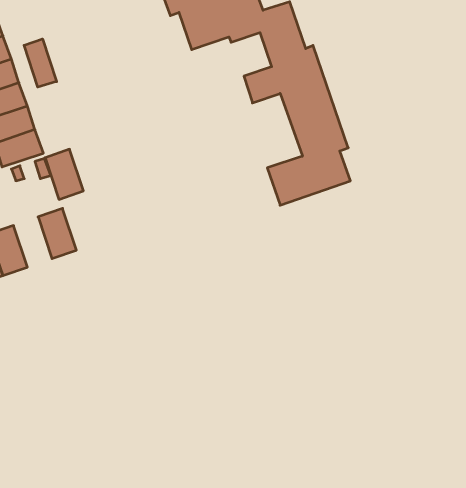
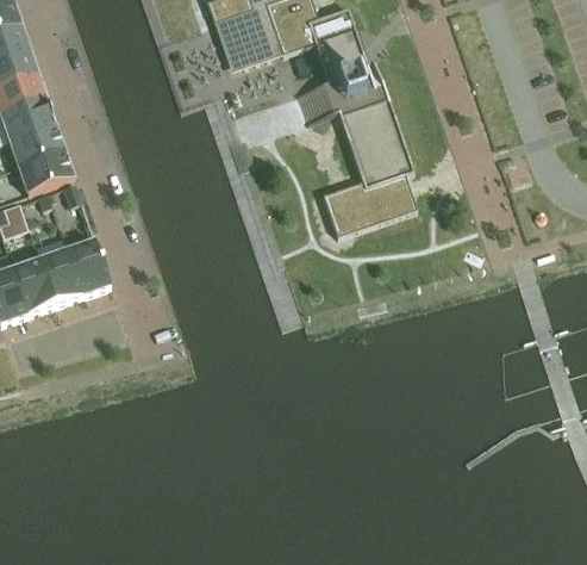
building: [24,39,57,87] -> none
building: [45,149,83,199] -> [39,249,82,305]

